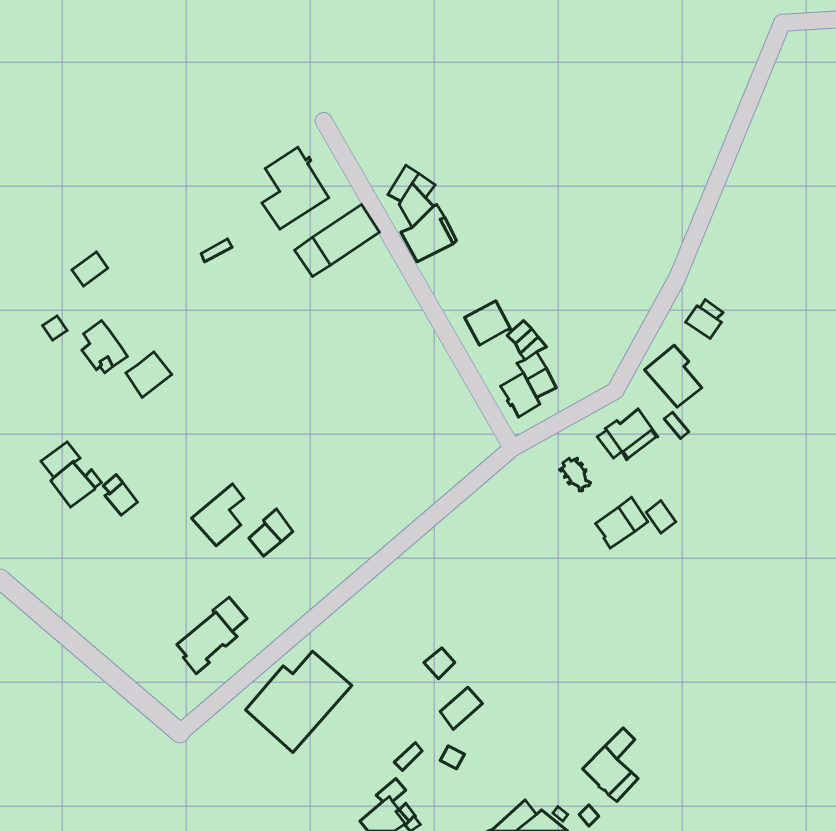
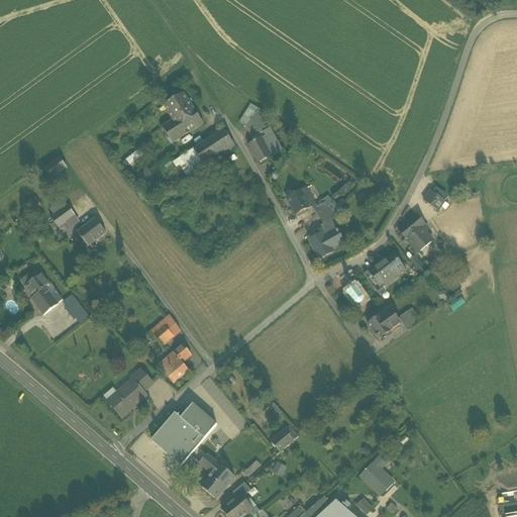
building: [192,484,244,546] -> [159,343,191,382]
building: none -> [201,454,235,498]

